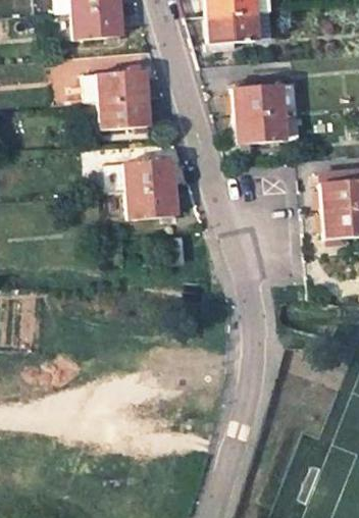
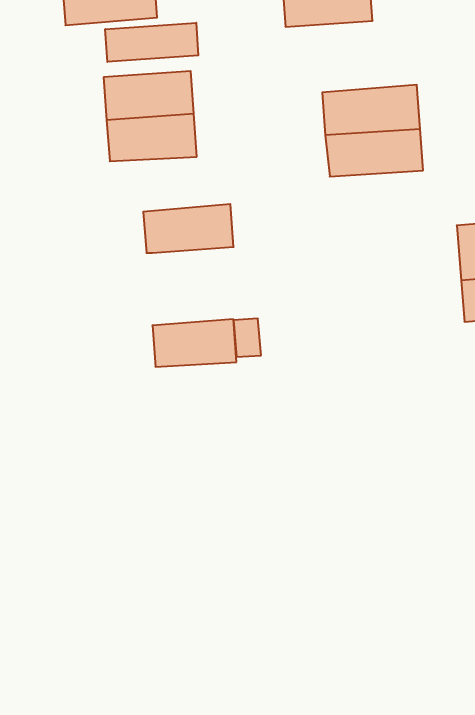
building: none -> [105,23,198,62]
building: [120,188,176,219] -> [152,319,236,367]

